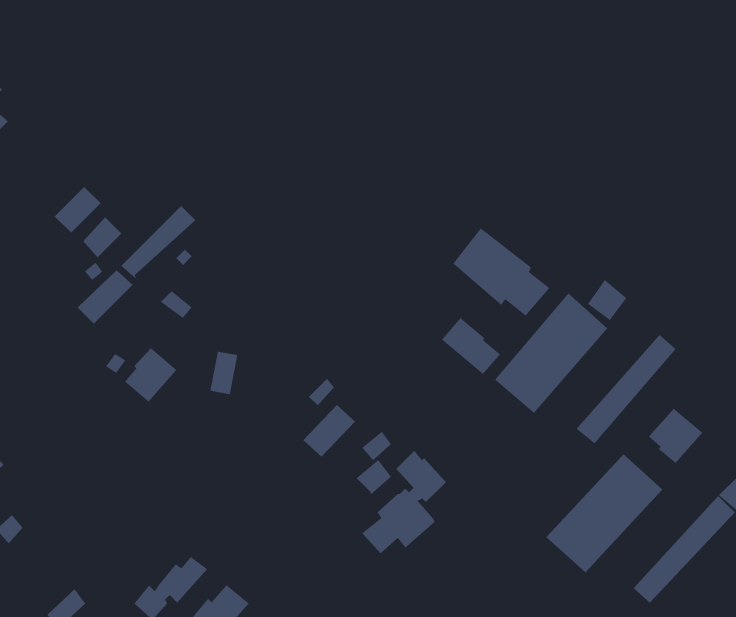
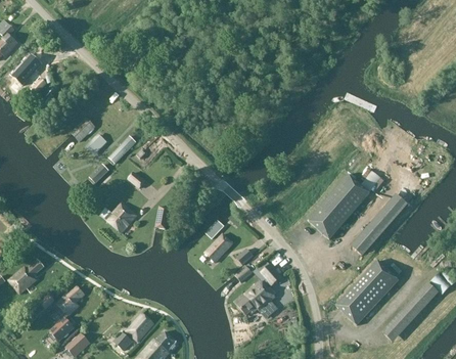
building: [453,227,550,316] -> none
building: [441,317,501,375] -> none
building: [648,408,703,464] -> none
building: none -> [49,287,84,342]

